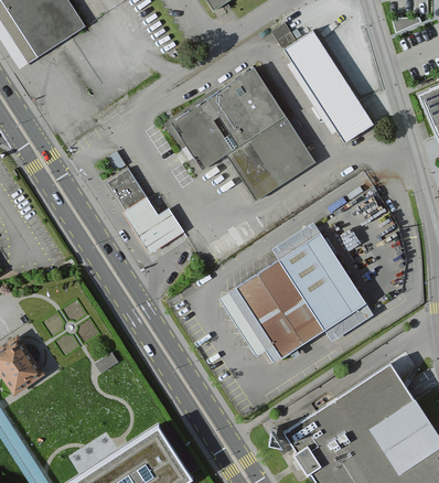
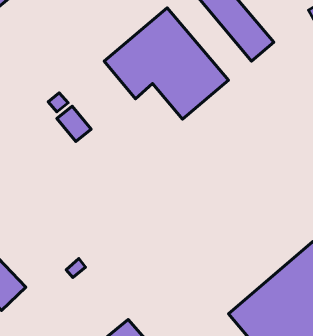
building: [124,197,184,254] -> none
building: [217,222,373,364] -> none

